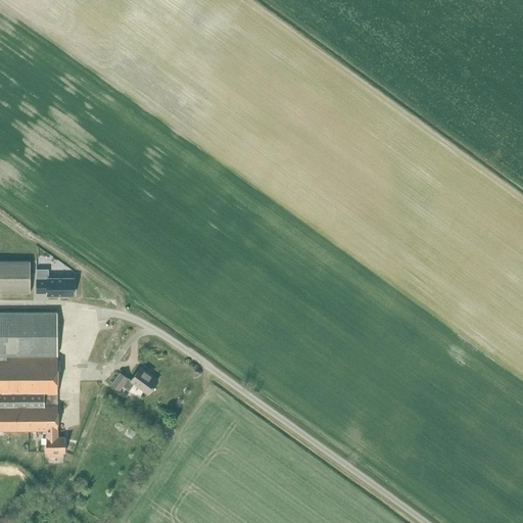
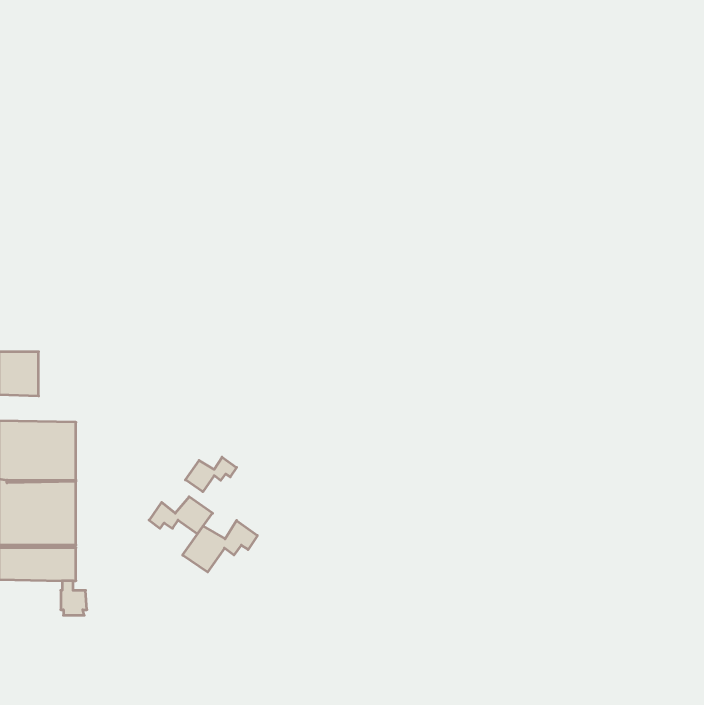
building: [35,270,73,294] -> none
building: none -> [185,457,237,492]
building: none -> [183,520,257,572]

